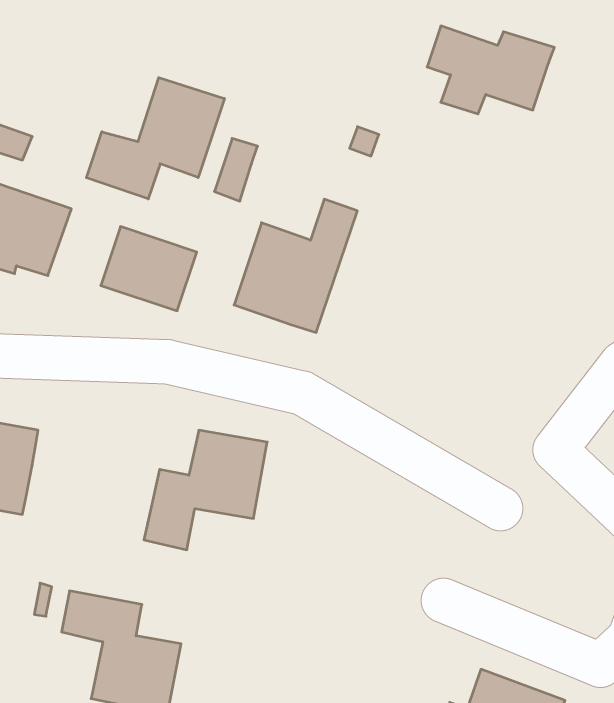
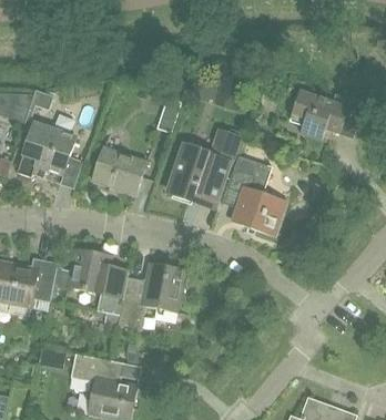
building: [427,26,554,114] -> [292,90,364,140]
building: [86,78,224,199] -> none
building: none -> [222,153,285,234]
building: none -> [53,247,126,314]

